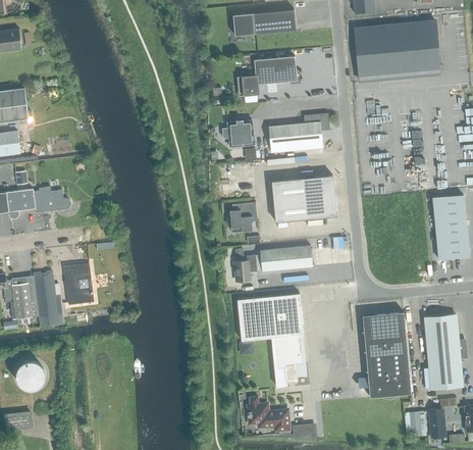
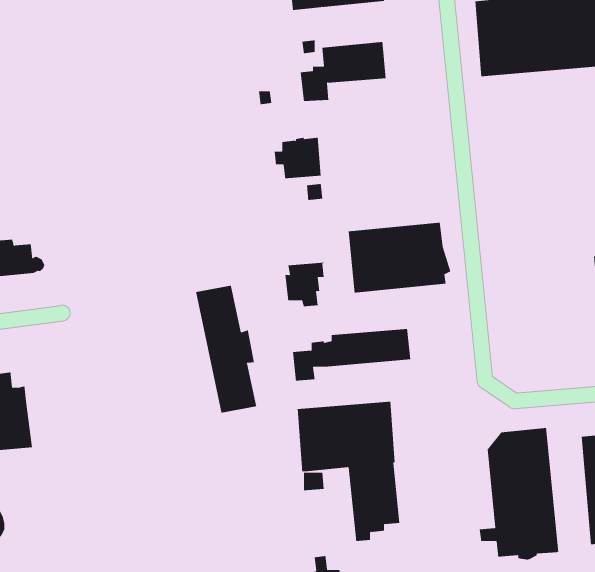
building: [269,113,328,152] -> none
building: none -> [195,285,257,414]
building: [63,263,94,304] -> none

